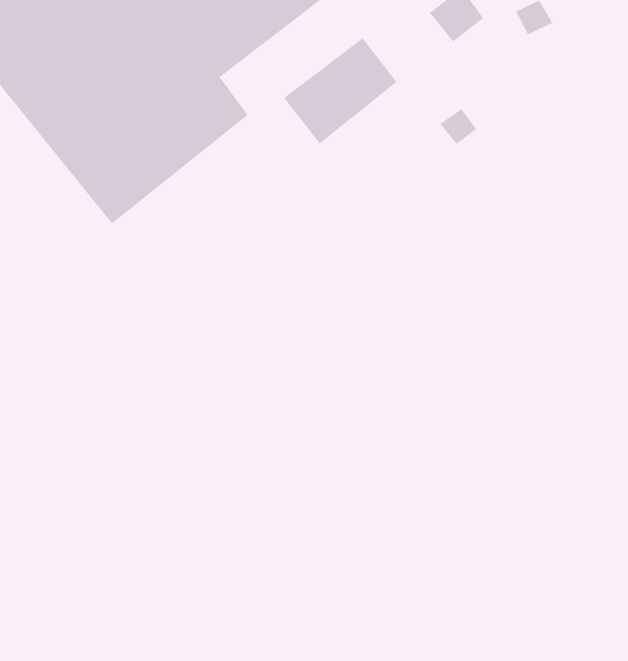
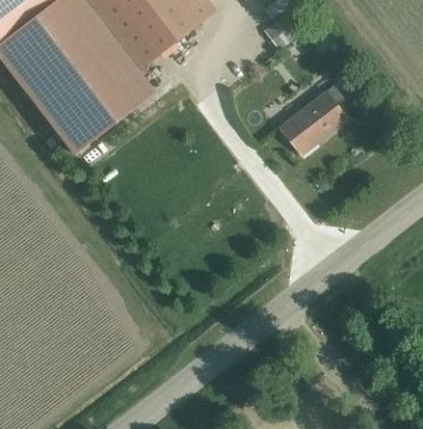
building: [283,37,397,145] -> [281,87,349,152]

